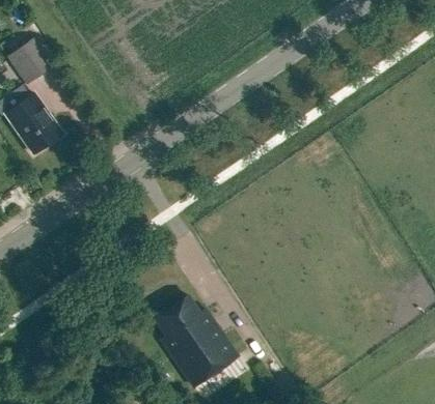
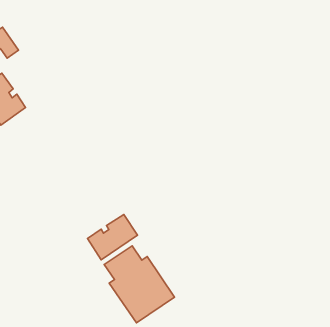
building: none -> [88,215,138,260]

